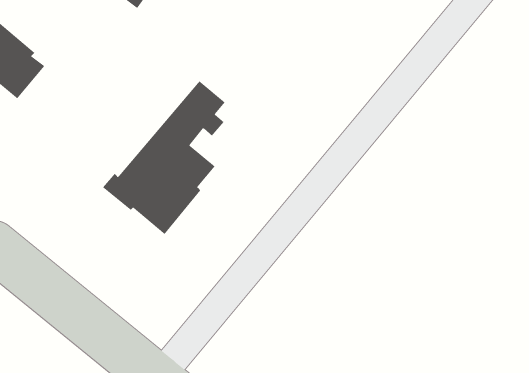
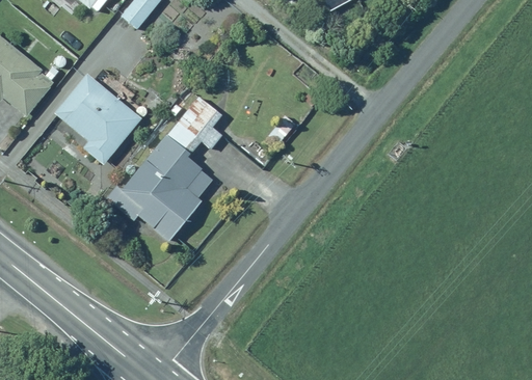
building: none -> [54,74,140,166]

